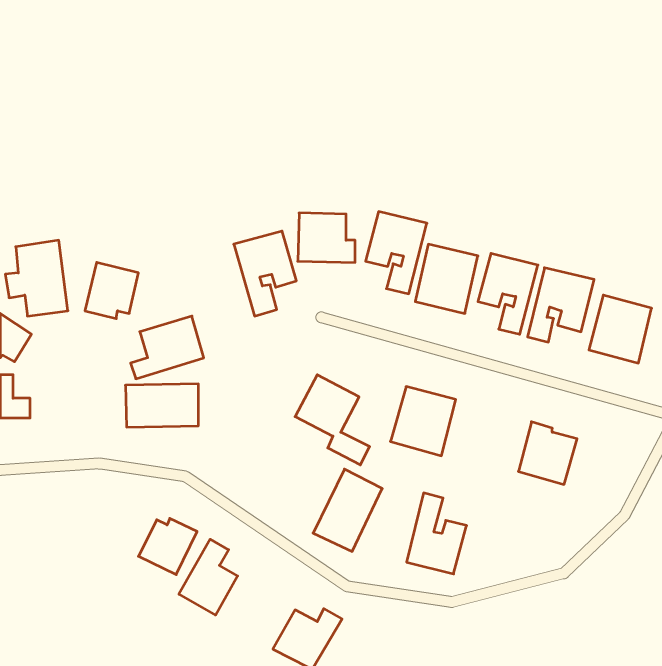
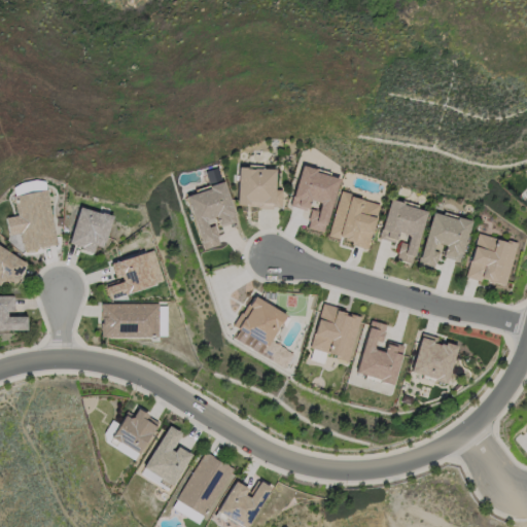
building: [313,469,382,551] -> [179,452,234,517]
building: [407,493,467,574] -> [358,320,406,384]

